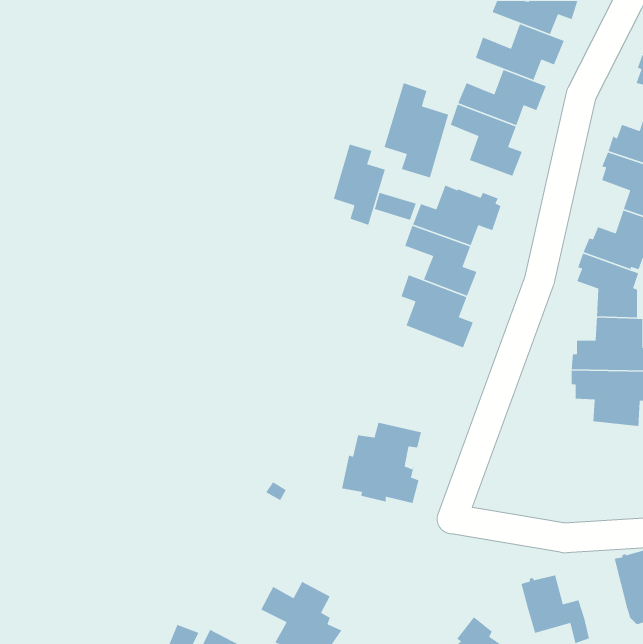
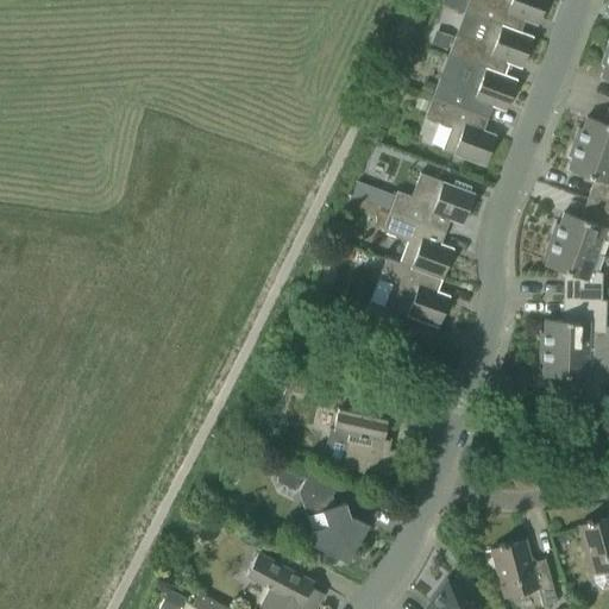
building: [383,82,449,178] -> none
building: [333,144,386,226] -> none
building: none -> [299,470,371,564]

